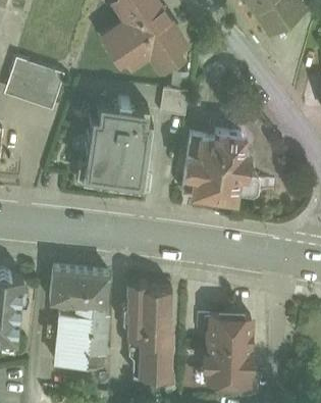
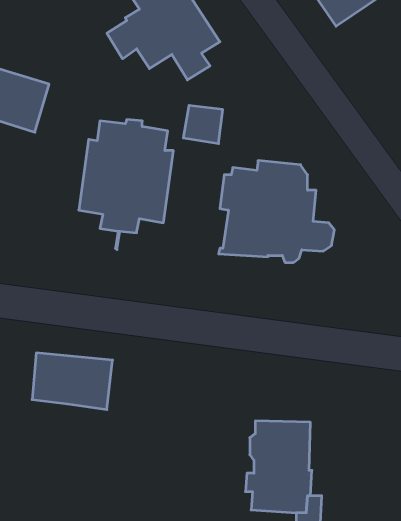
building: [126,284,171,379] -> none
building: [54,305,106,367] -> none

